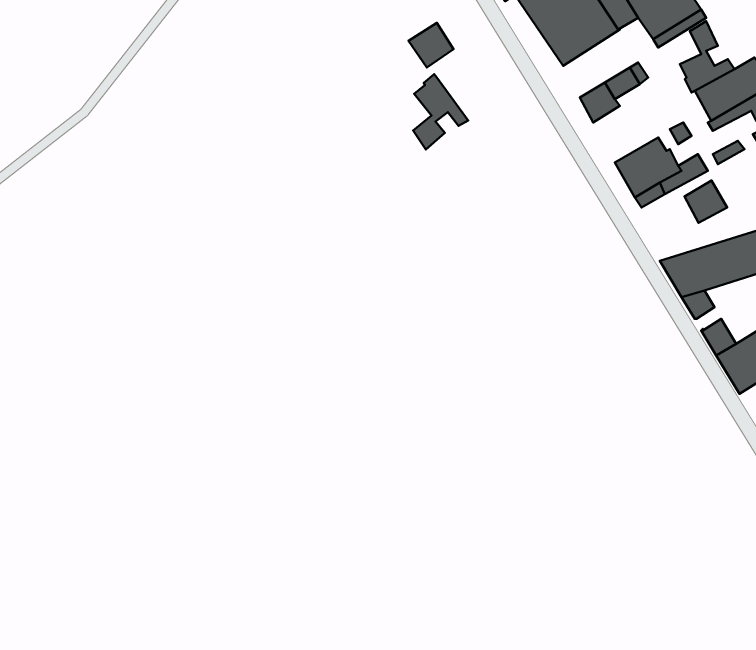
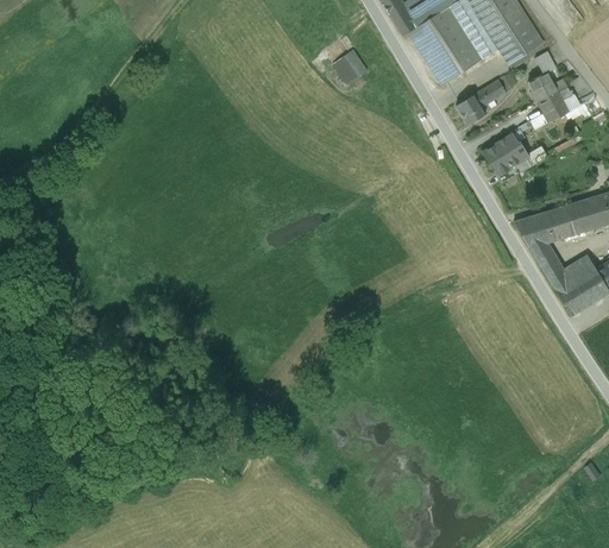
building: [413,74,468,149] -> none
building: [684,180,727,223] -> none

